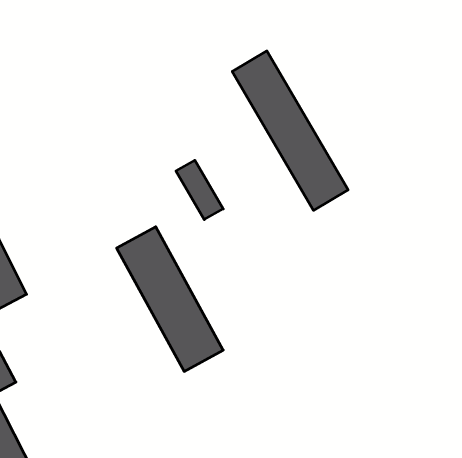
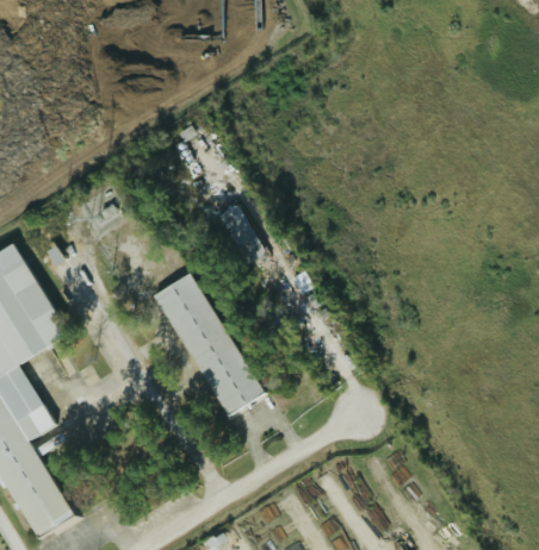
building: [232,51,348,210] -> none

